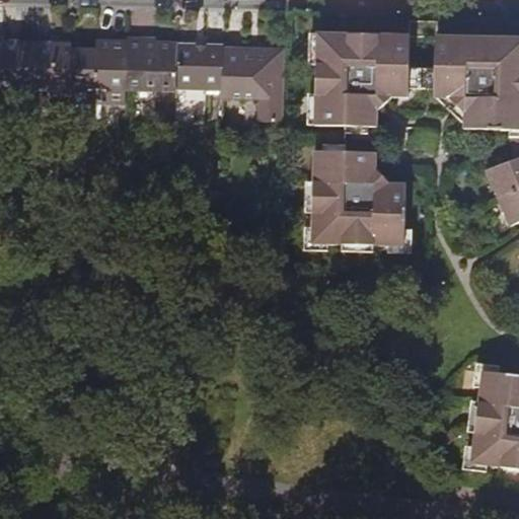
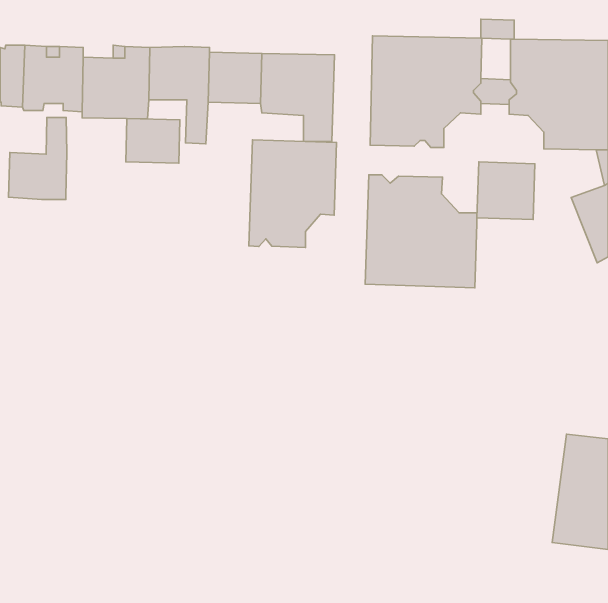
building: none -> [9,117,67,200]
building: none -> [126,119,180,163]
building: none -> [249,140,336,248]
building: none -> [477,162,535,220]

